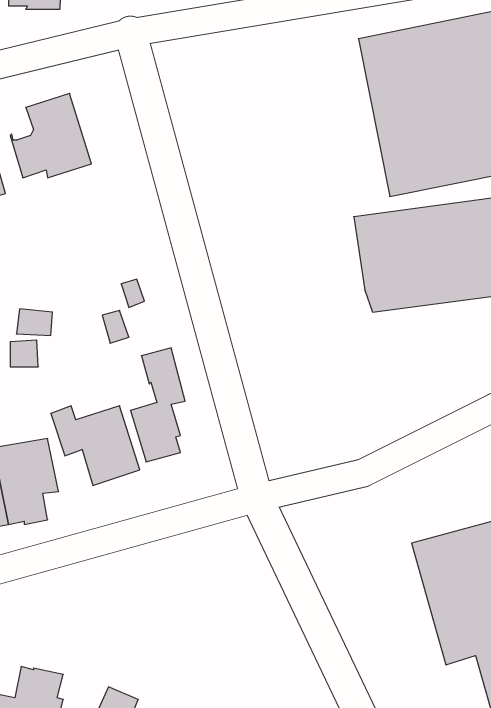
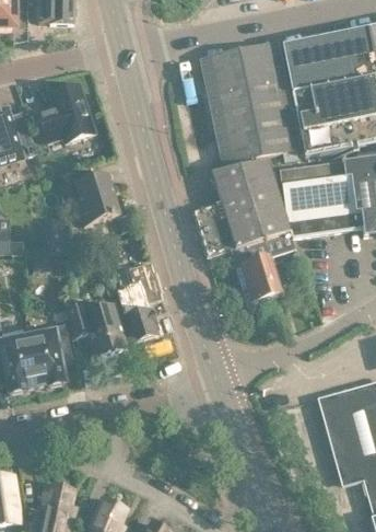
building: none -> [200,42,298,163]
building: none -> [193,160,294,308]
building: none -> [74,171,120,224]

